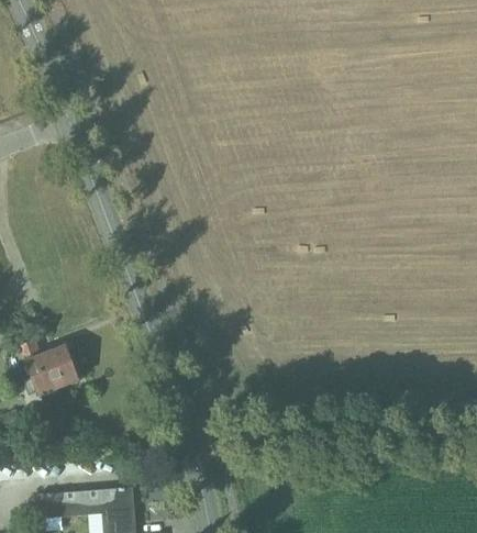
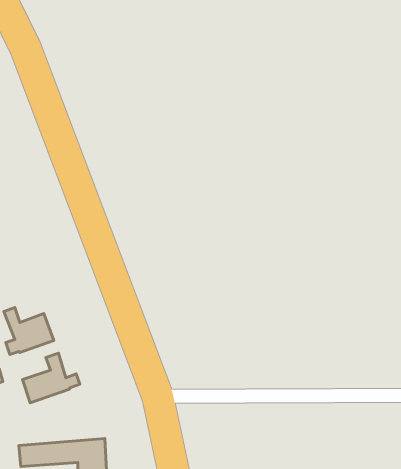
building: none -> [23,353,80,403]

